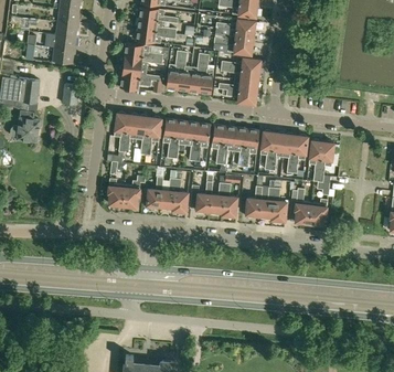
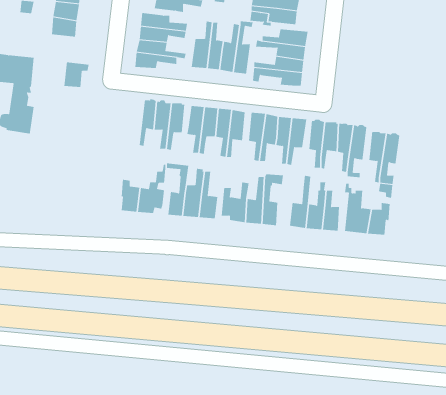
building: [107,113,128,163] -> none

